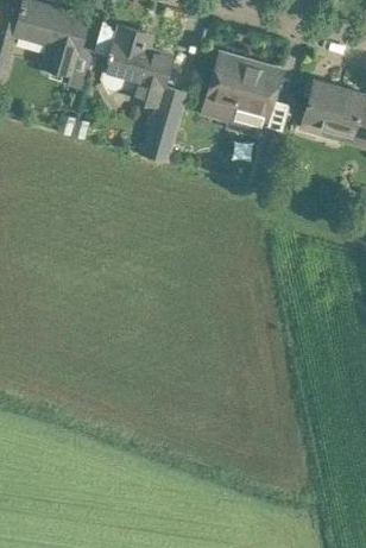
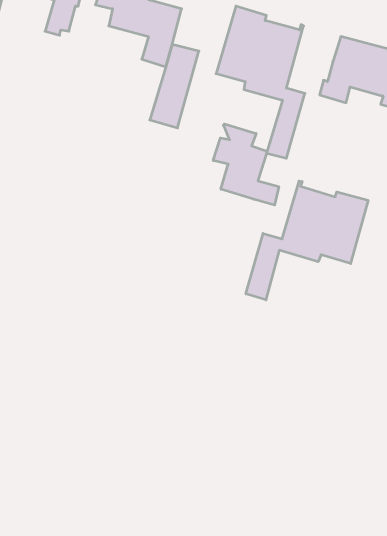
building: none -> [213,124,279,205]
building: none -> [246,181,368,300]

